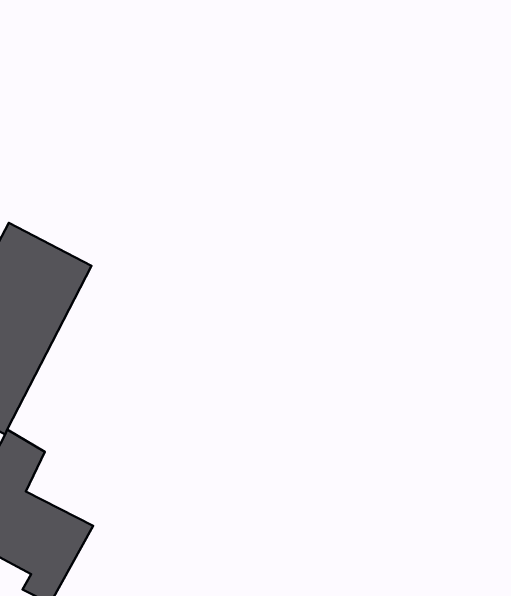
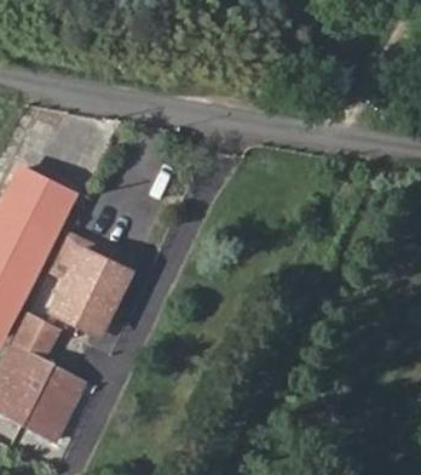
building: none -> [45,231,127,331]

